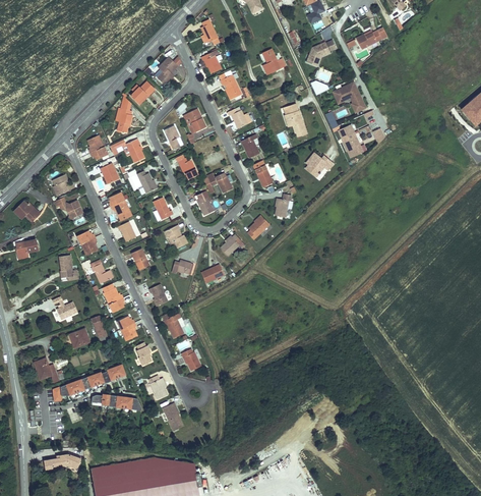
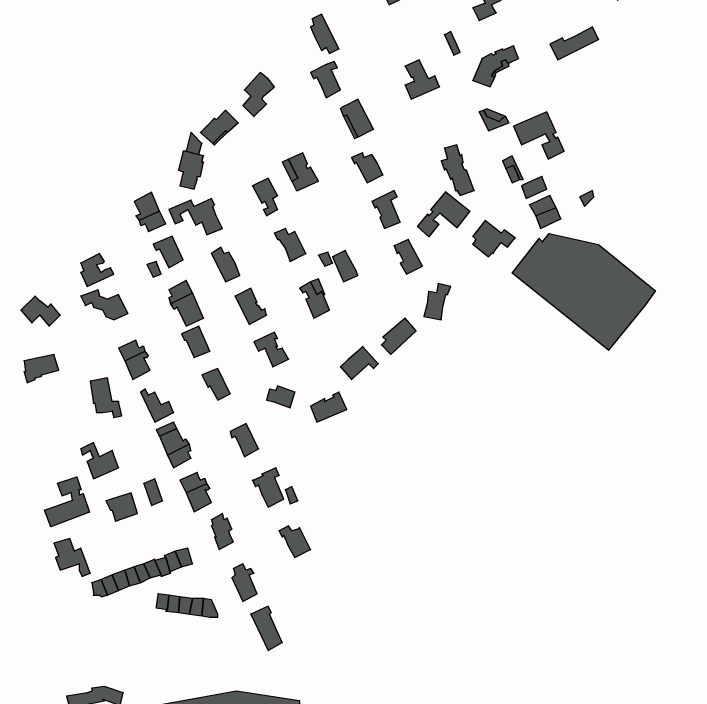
building: none -> [418,192,470,237]
building: none -> [512,234,655,350]
building: none -> [44,477,89,527]

